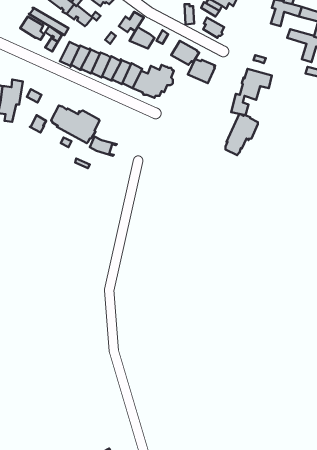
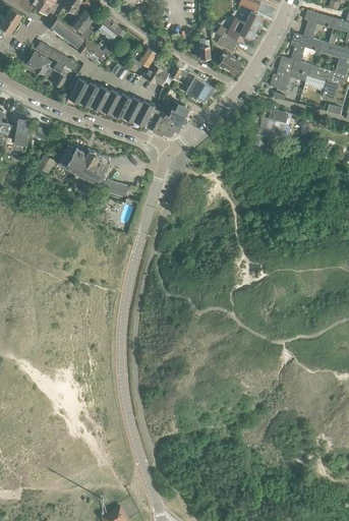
building: none -> [270,57,310,91]
building: [188,59,215,83] -> none
building: [226,114,258,155] -> none

